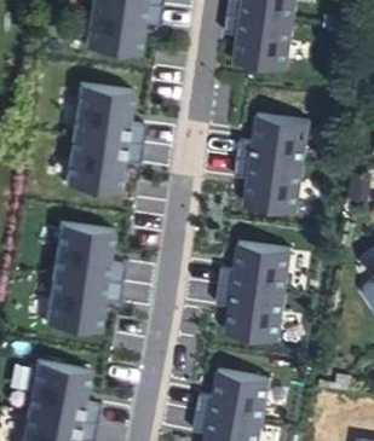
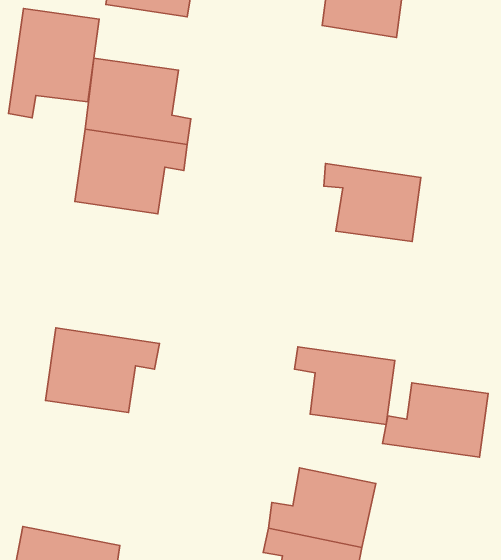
building: none -> [8,8,99,118]
building: [237,116,311,167] -> none
building: [48,224,123,283] -> none
building: [218,243,292,295] -> [383,383,488,457]
building: [25,360,97,424] -> none

